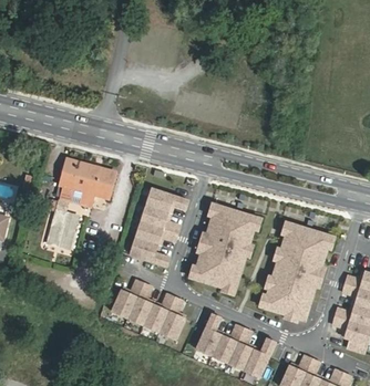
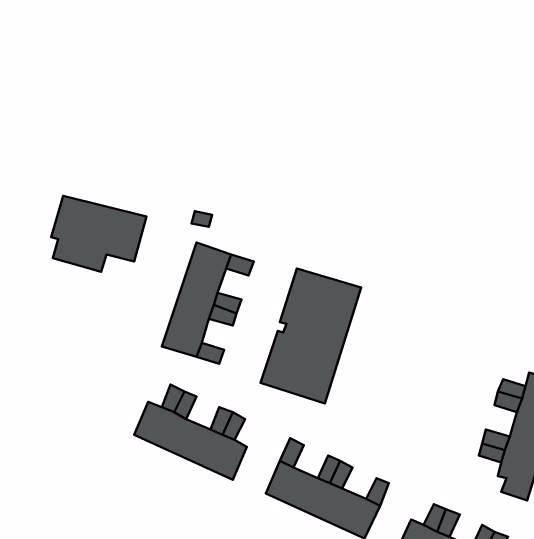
building: [47,208,80,251] -> none
building: [264,223,330,320] -> none

